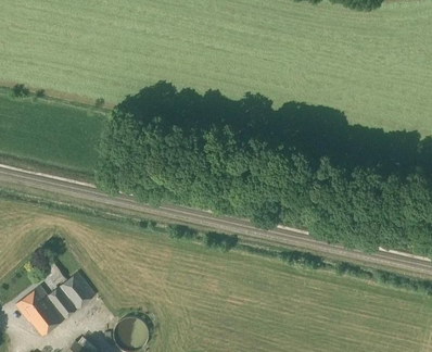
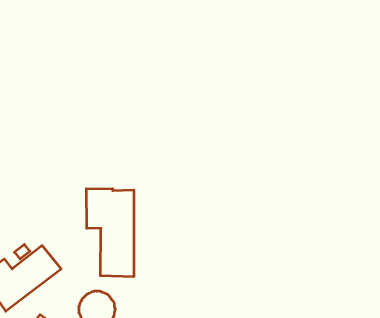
building: none -> [86,189,134,277]

